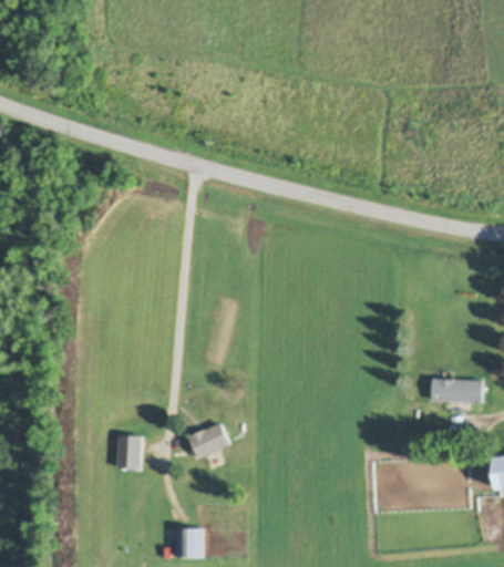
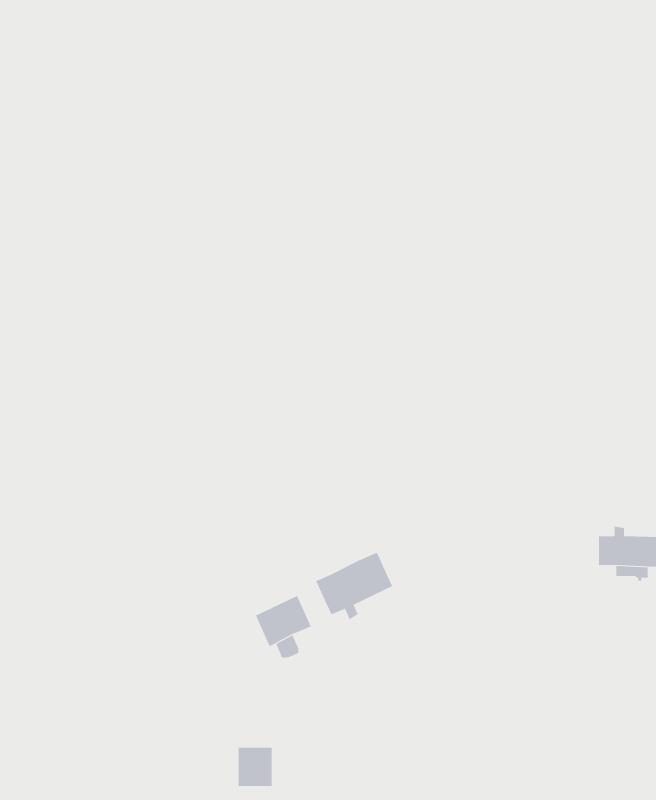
building: none -> [315,552,393,620]
building: [116,435,141,468] -> none

